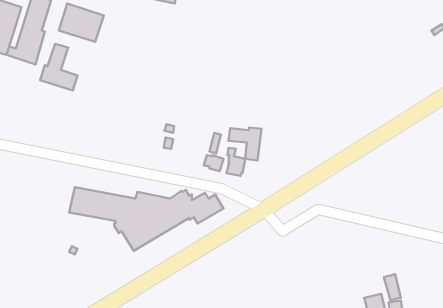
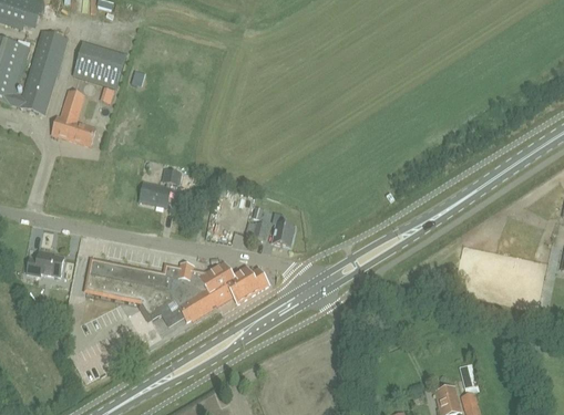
building: none -> [139,168,180,206]
building: [228,127,261,161] -> none
building: none -> [27,249,63,274]

